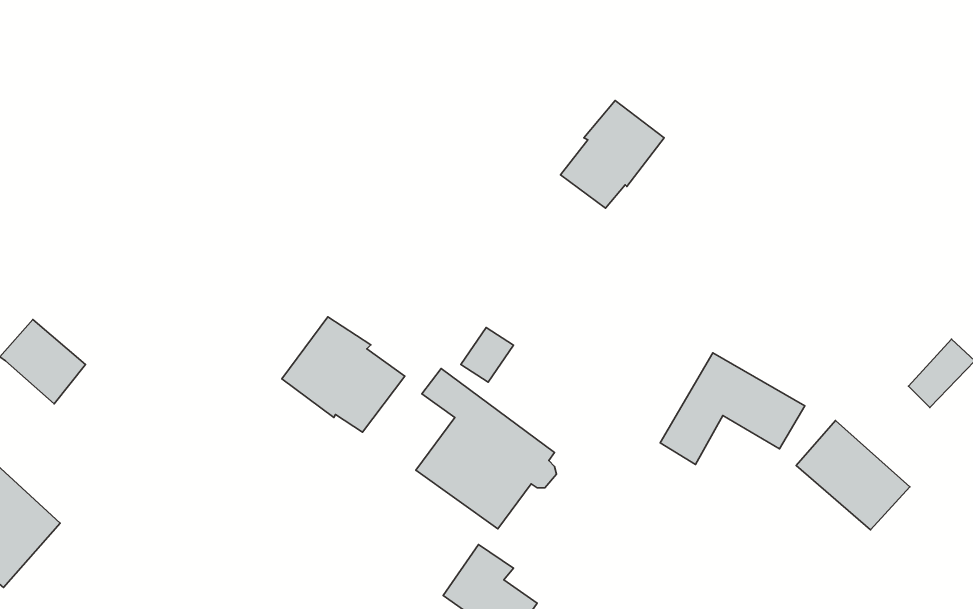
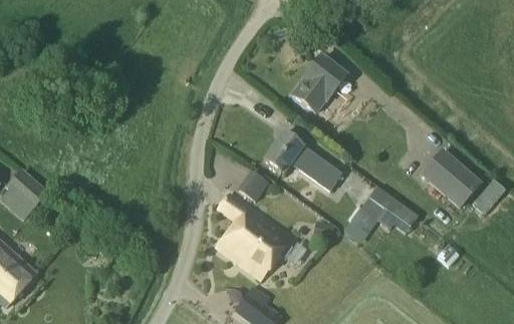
building: none -> [263,130,341,190]
building: [282,317,405,432] -> none
building: [796,420,910,530] -> [421,150,479,207]

